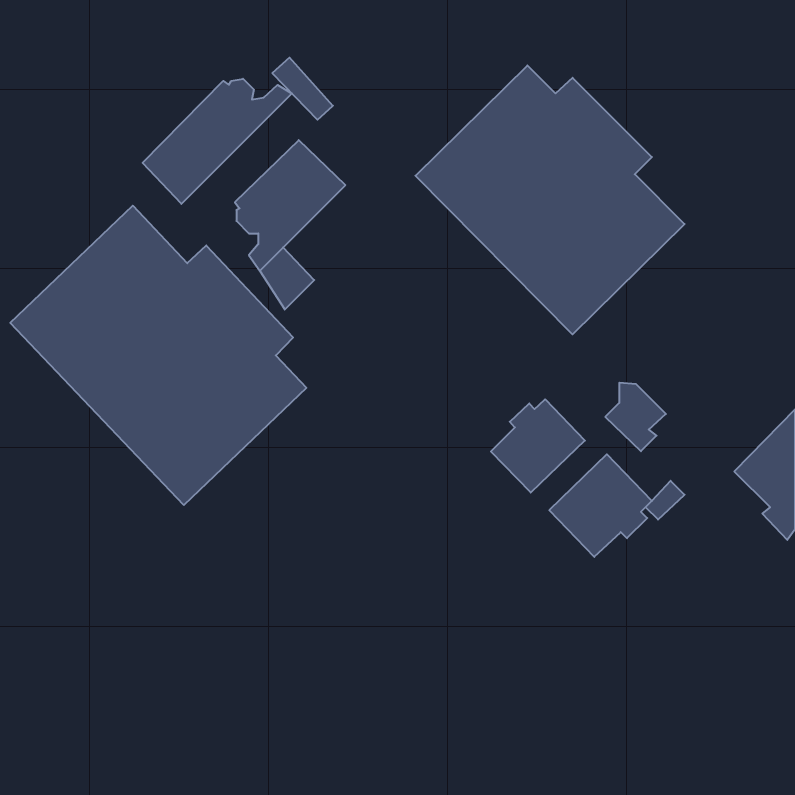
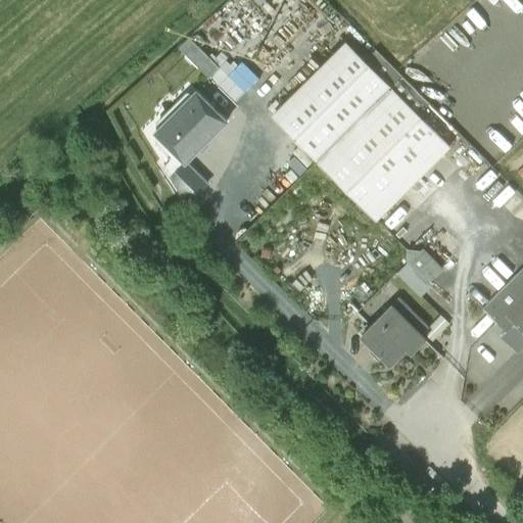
building: [143,79,292,204] -> none
building: [10,206,306,505] -> none
building: [491,399,585,493] -> none

